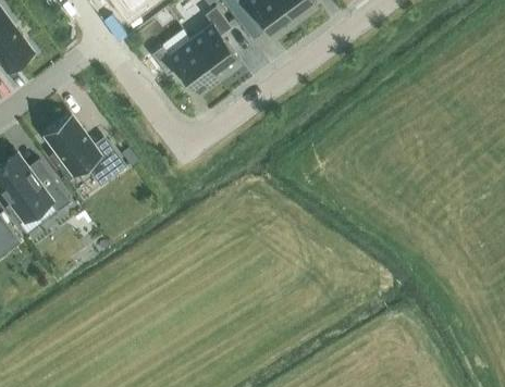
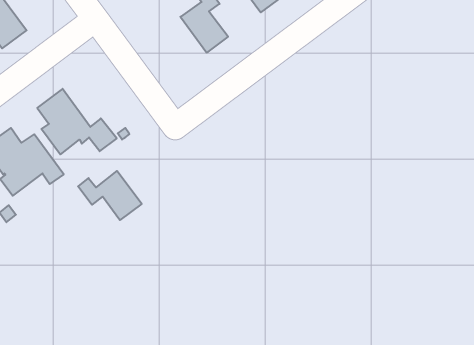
building: [151,40,218,93] -> none
building: none -> [78,171,142,220]

